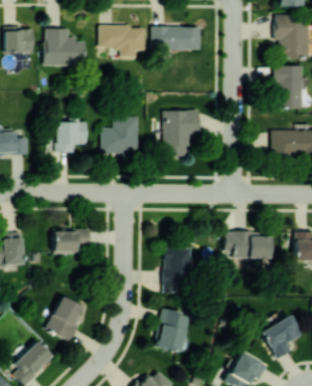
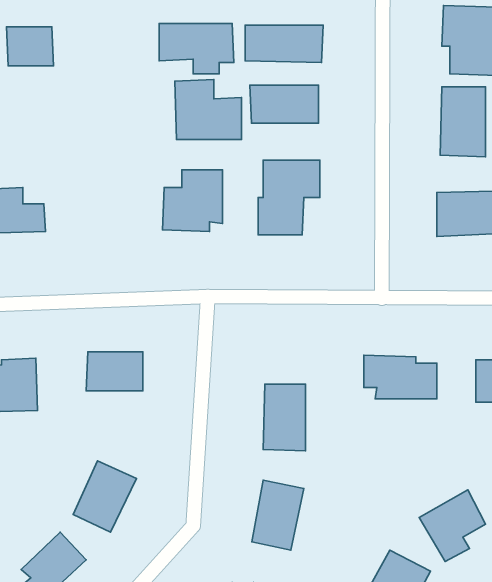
building: [45,28,87,65] -> [175,79,242,140]
building: none -> [250,85,318,123]
building: [55,122,88,153] -> none

